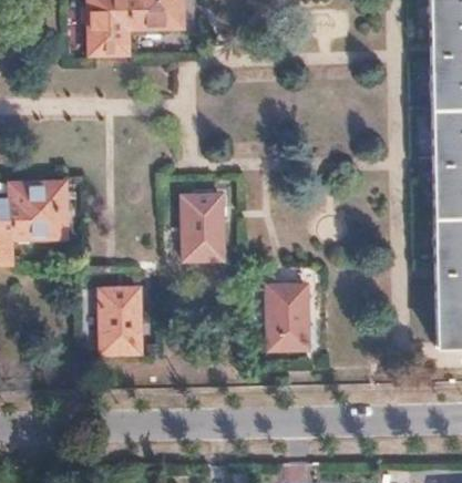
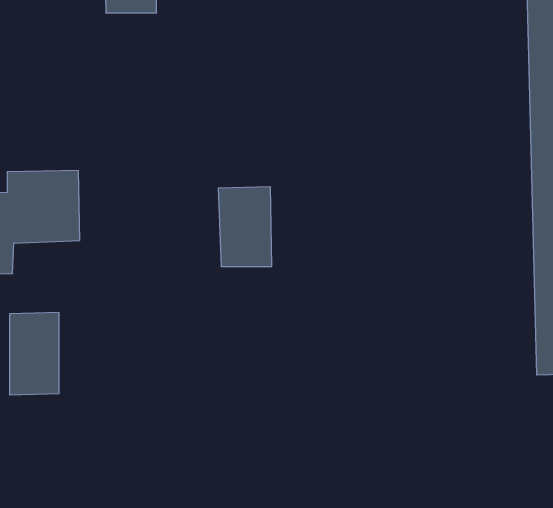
building: [267,282,309,349] -> none
building: [100,286,140,352] -> [10,313,59,395]

